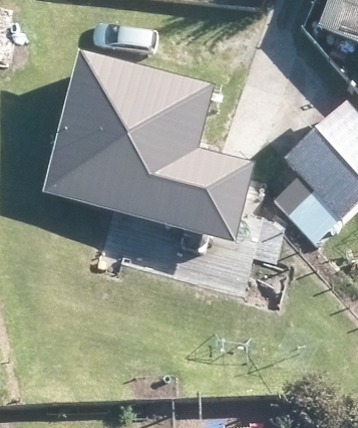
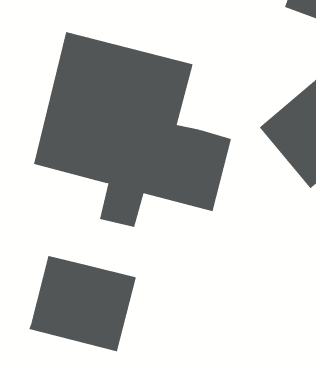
building: none -> [29,255,136,352]

